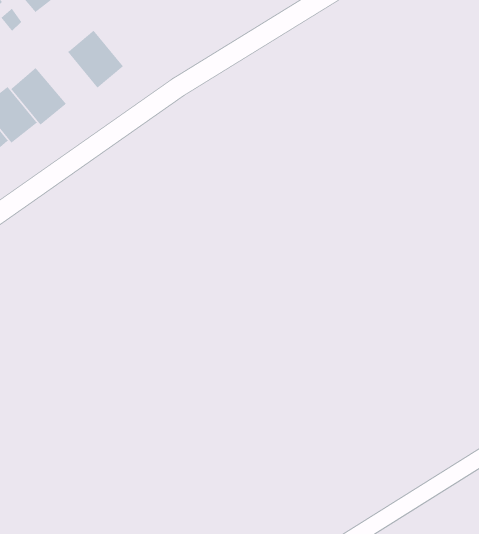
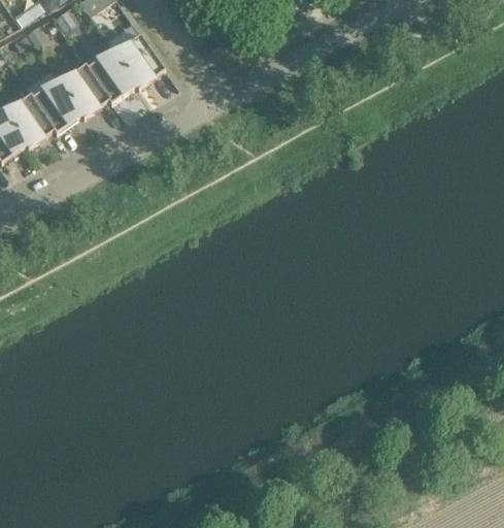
building: none -> [79,50,134,102]

